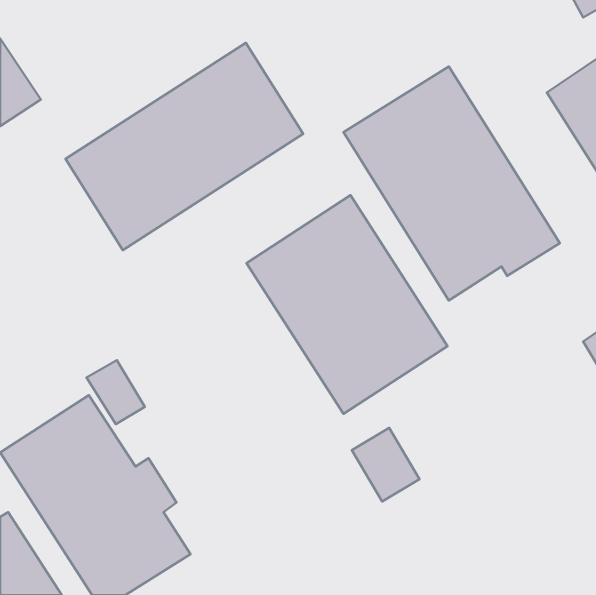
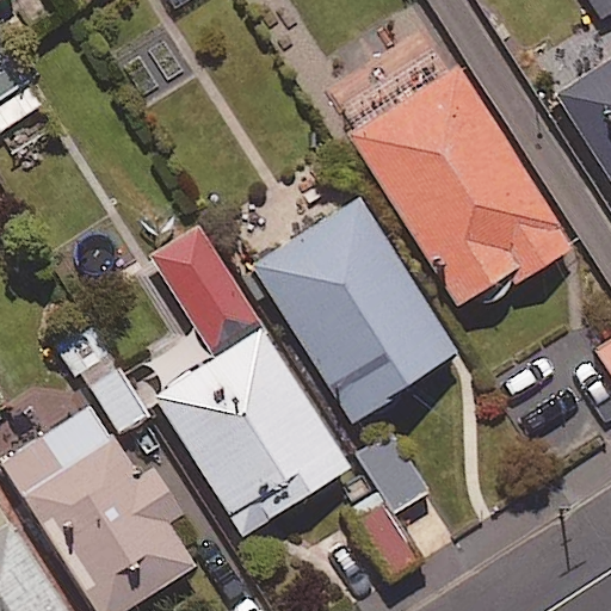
building: [65,43,303,250] -> none
building: none -> [148,227,350,536]

